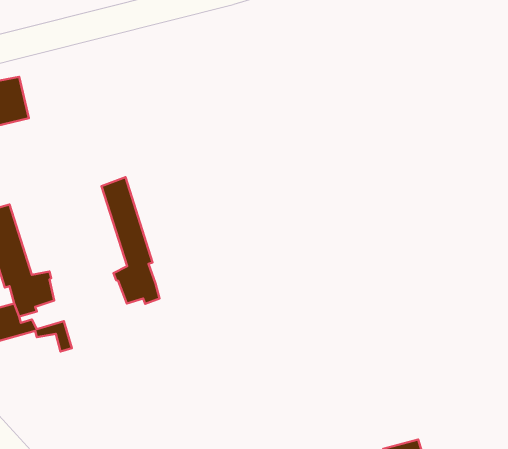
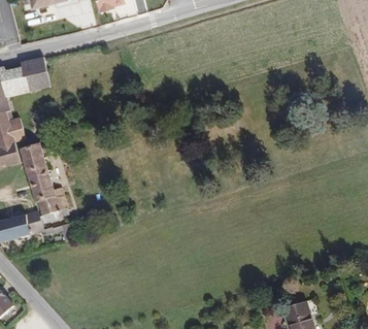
building: [101,177,160,304] -> none

